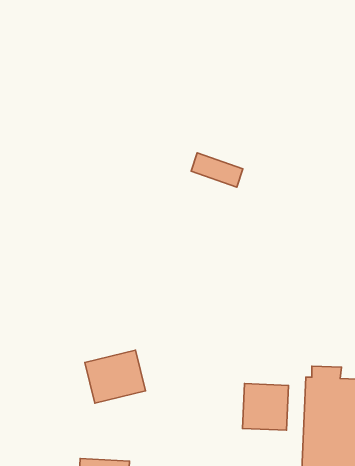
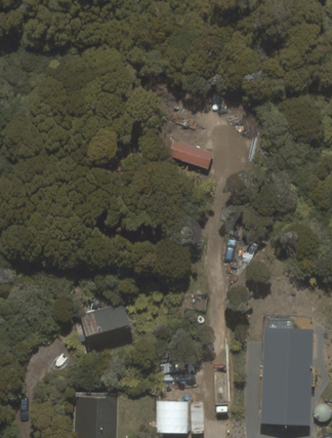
building: [243,384,288,430] -> none

